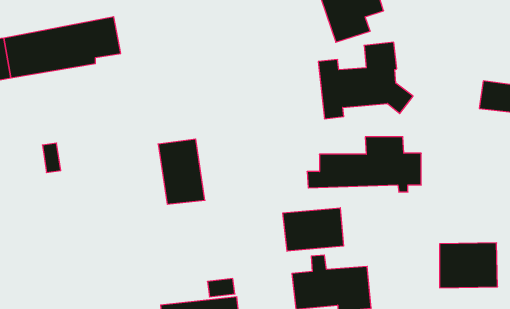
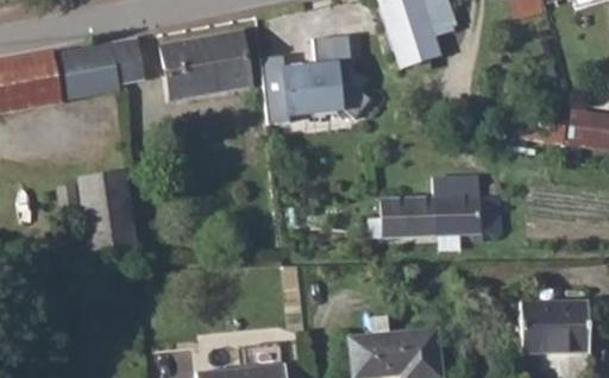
building: none -> [159,31,251,100]
building: [318,42,413,119] -> [260,34,371,124]
building: [158,139,205,204] -> [80,172,134,248]
building: [283,208,343,251] -> none

